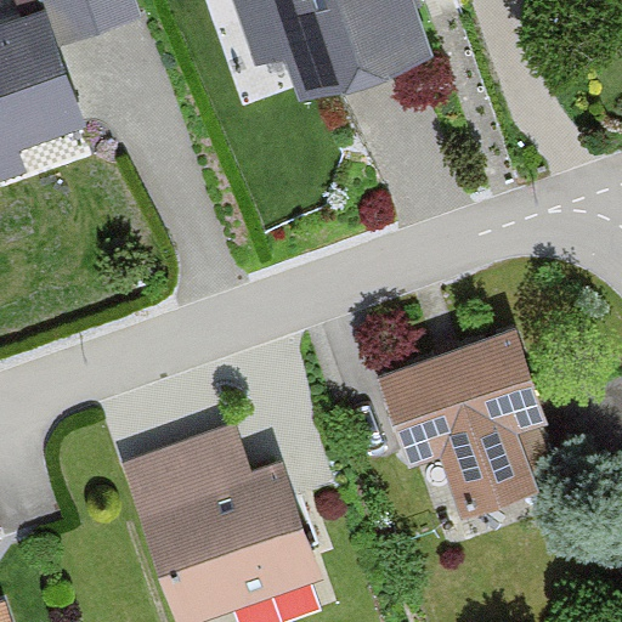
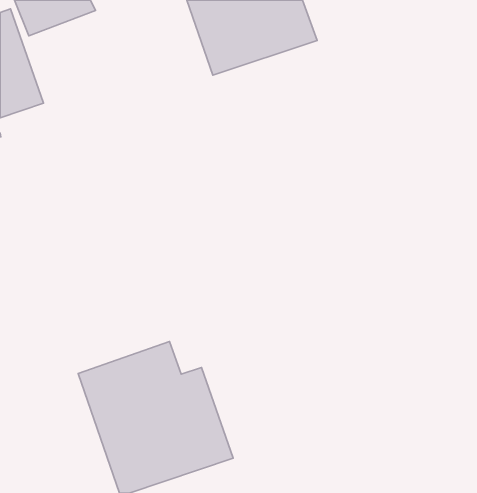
building: [377,328,555,503] -> none

